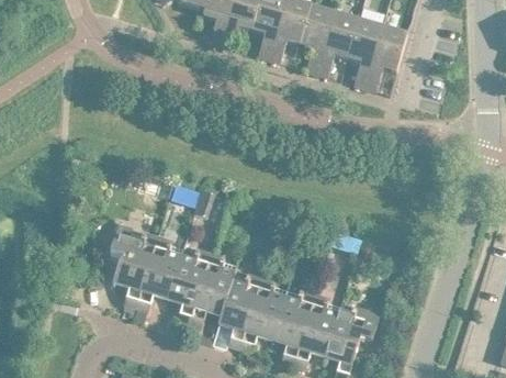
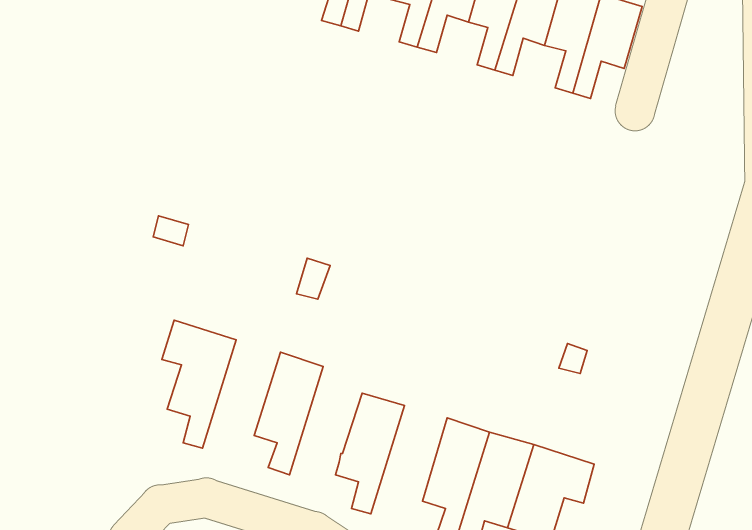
building: [137,241,185,311] -> none
building: [191,257,239,327] -> none
building: [241,281,289,353] -> none

